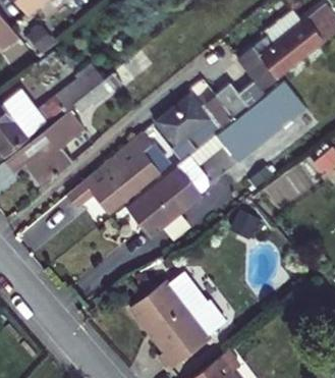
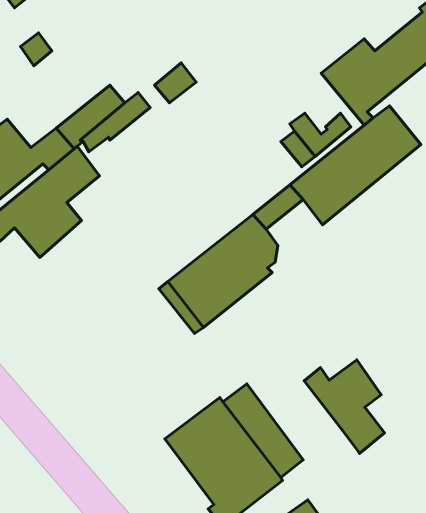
building: [158,96,208,145] -> none
building: [67,124,177,212] -> none
building: none -> [304,360,385,453]

